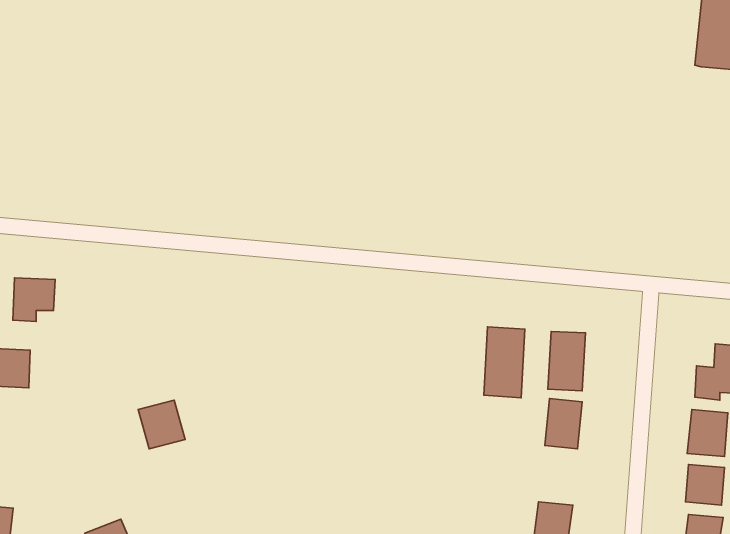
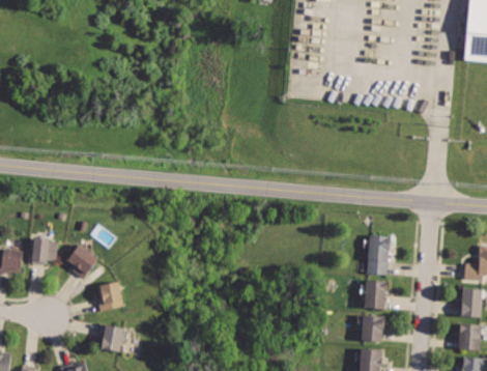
building: [13,278,55,322] -> [31,236,59,265]
building: [484,327,525,398] -> none
building: none -> [66,246,99,282]
building: none -> [359,314,384,341]
building: none -> [98,324,126,352]

